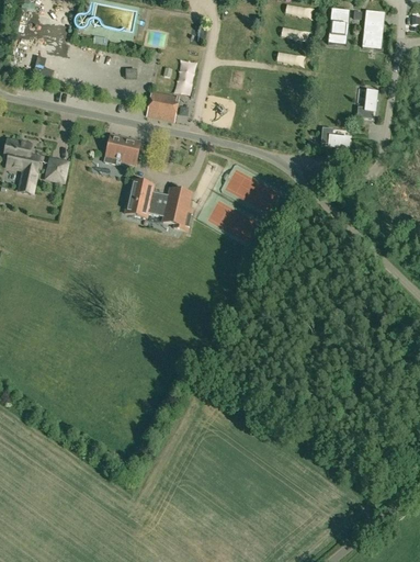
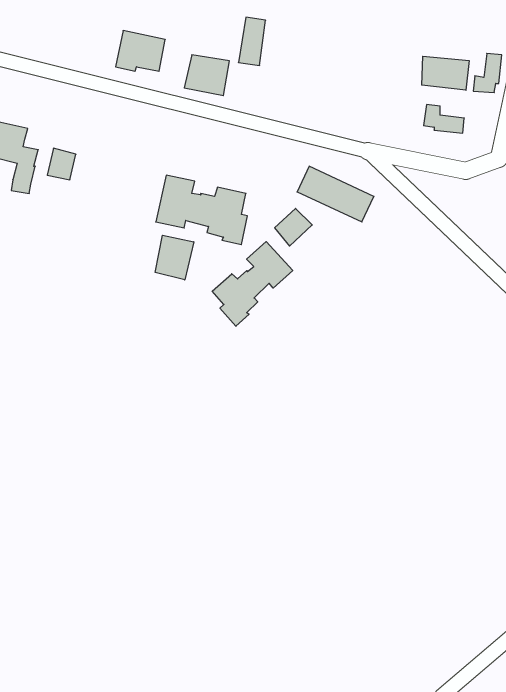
building: none -> [422,56,469,90]
building: [104,134,140,164] -> [116,31,165,71]
building: none -> [155,235,194,280]
building: none -> [212,242,293,326]

